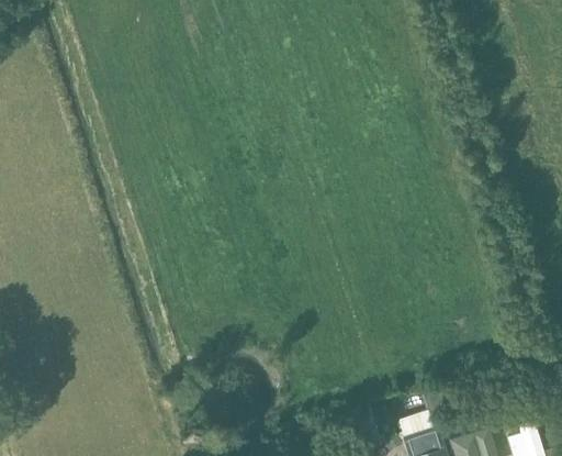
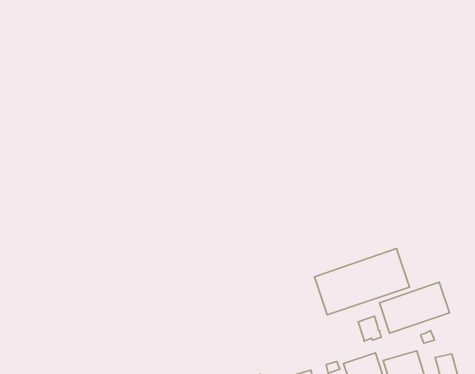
building: none -> [315,248,410,315]
building: none -> [380,282,449,333]

